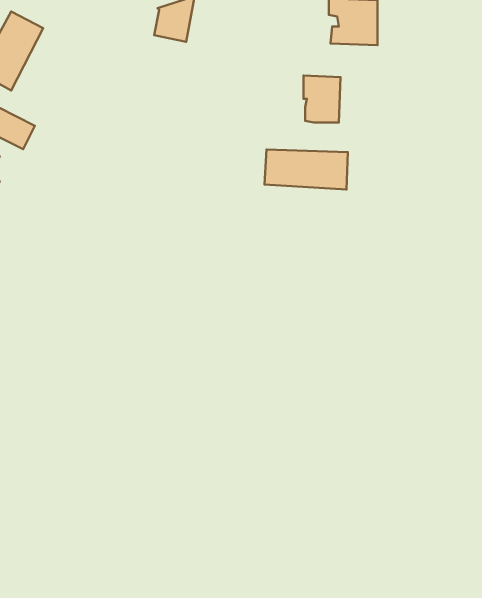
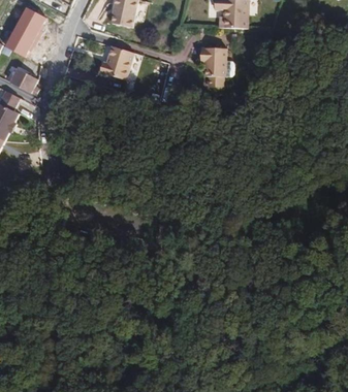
building: none -> [99,44,132,79]
building: [264,150,348,189] -> none

